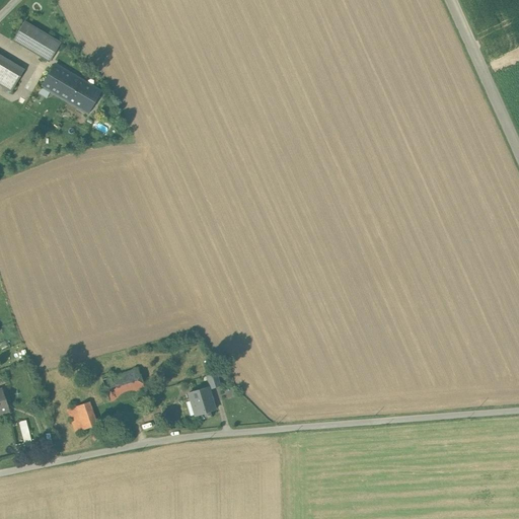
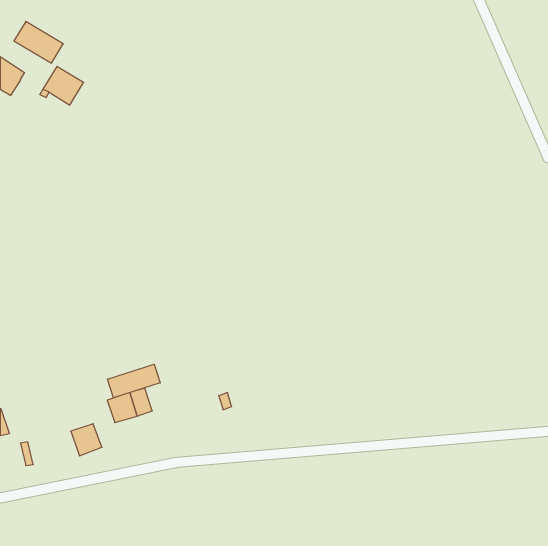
building: [66,78,99,112] -> none
building: none -> [107,364,160,398]
building: [189,386,214,414] -> none

